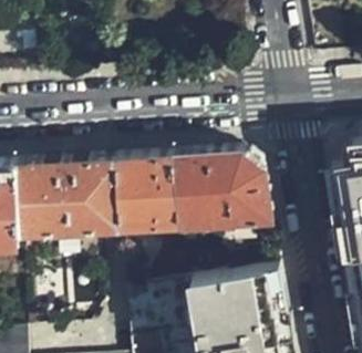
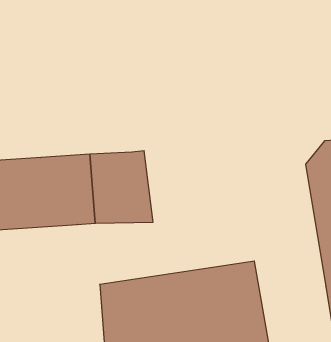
building: [169,154,273,237] -> none

